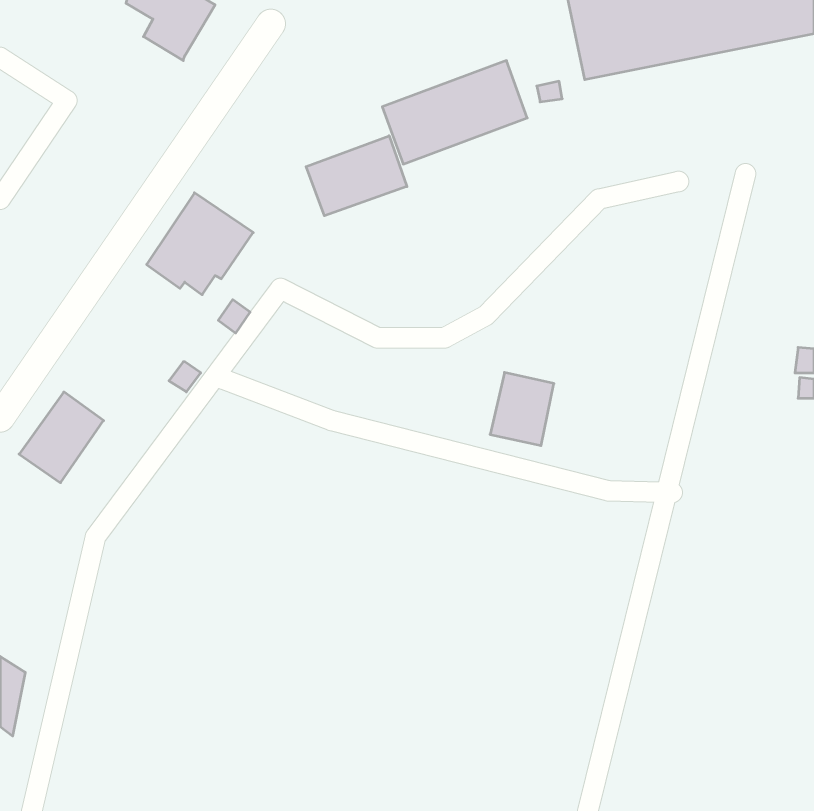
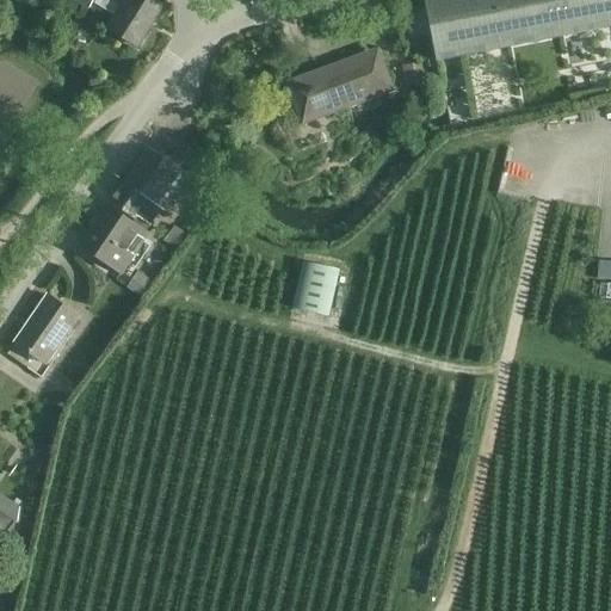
building: [306,136,407,216] -> none
building: none -> [80,204,148,271]
building: [490,372,554,446] -> [291,260,339,315]

